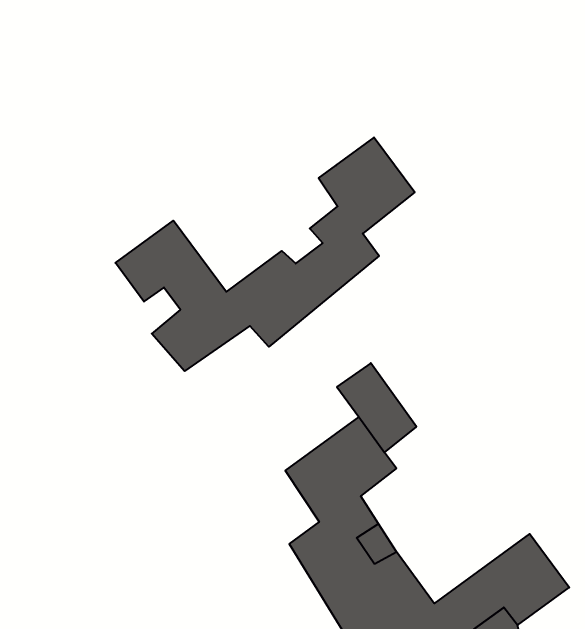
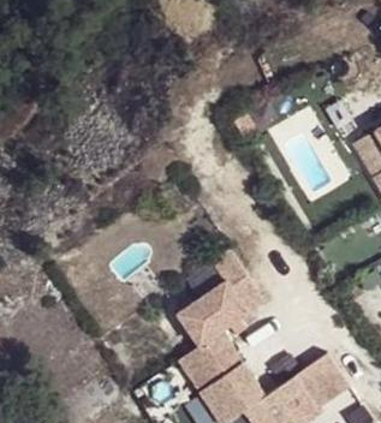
building: [115,137,415,371] -> none

